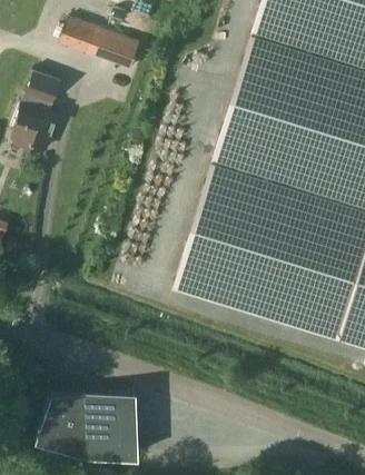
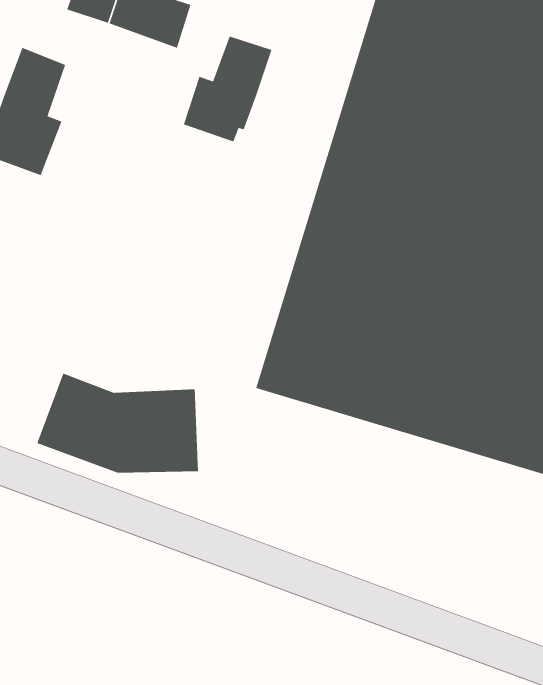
building: none -> [183,36,273,142]
building: [34,393,137,456] -> [36,373,199,474]

